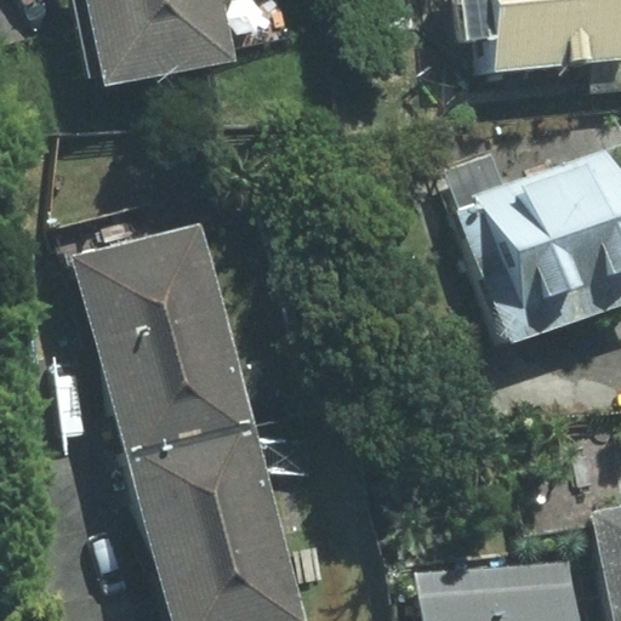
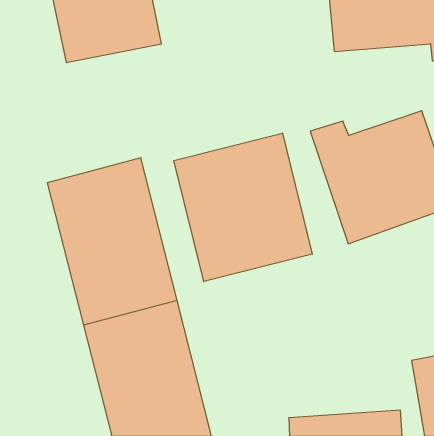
building: none -> [174,133,312,282]

